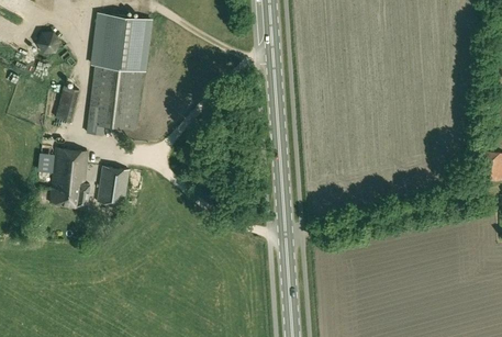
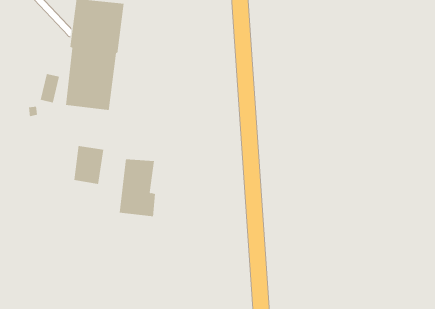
building: [48,149,87,210] -> [119,159,156,217]

